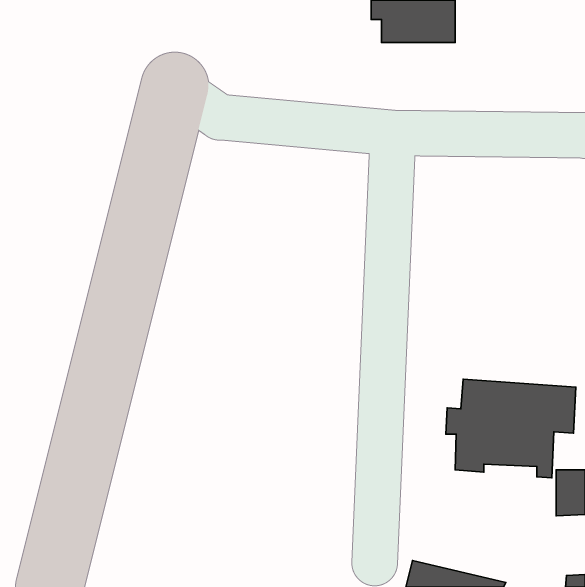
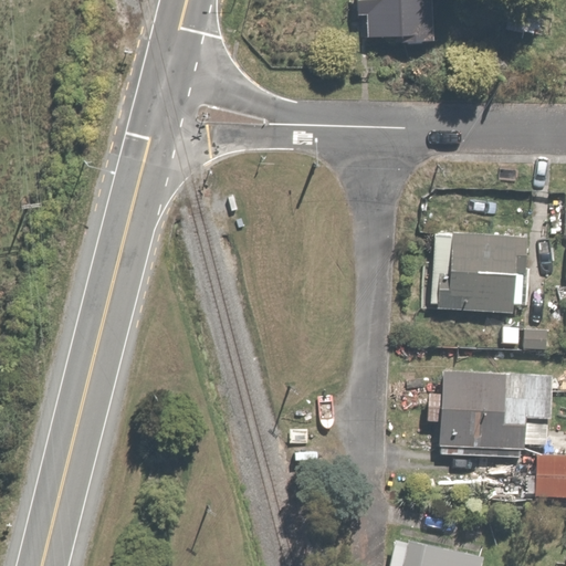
building: none -> [430,222,528,317]

